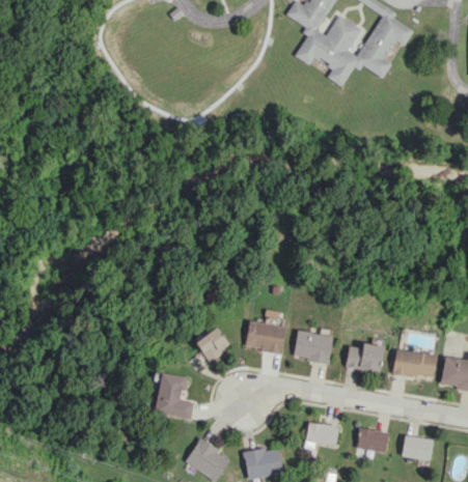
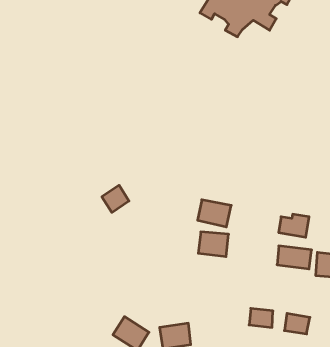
building: [244,320,286,355] -> [198,200,231,227]
building: [195,328,229,362] -> [102,185,129,212]
building: [345,343,383,372] -> [279,214,309,237]
building: [155,373,194,420] -> none
building: [304,422,338,449] -> none

